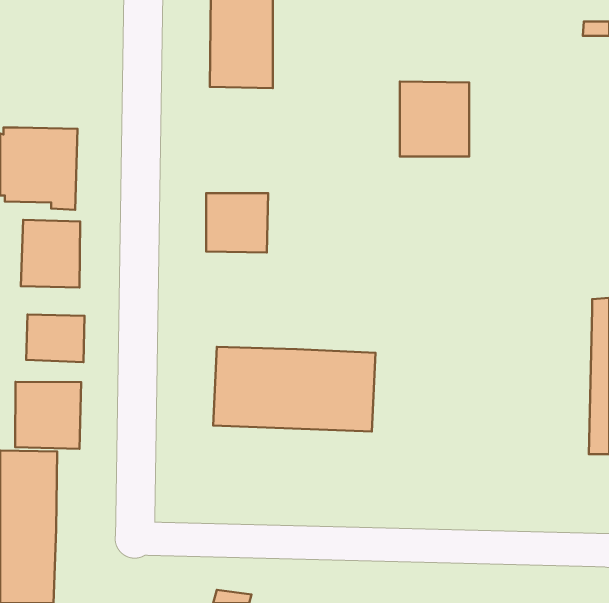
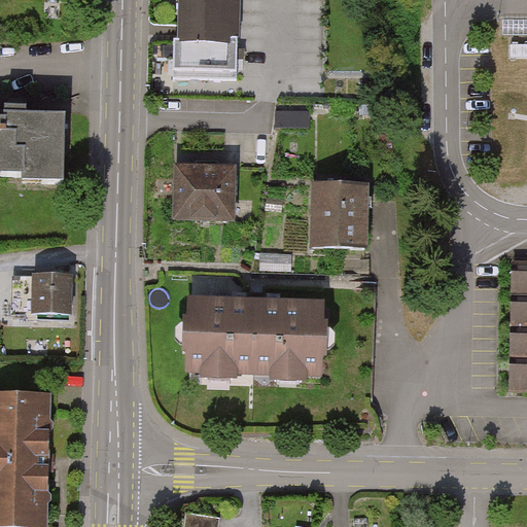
building: [400,81,469,156] -> [310,181,370,246]
building: [21,220,80,288] -> none
building: [15,382,81,449] -> none

